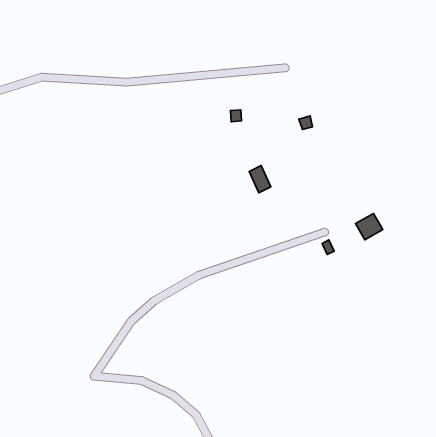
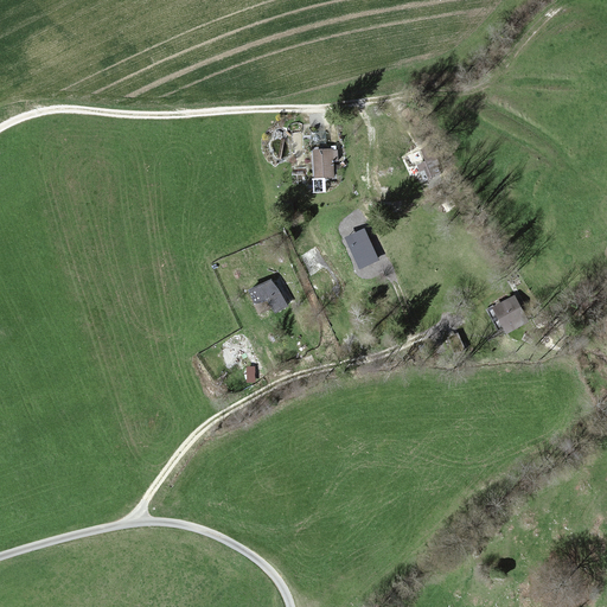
building: none -> [248,280,285,311]

